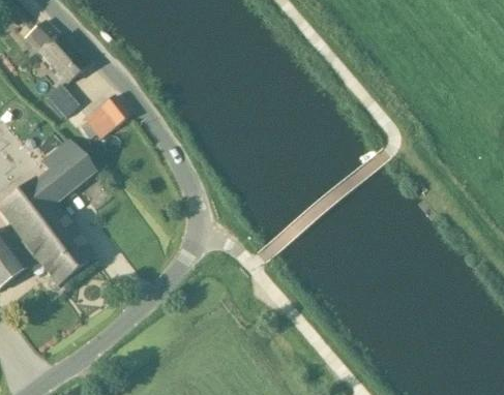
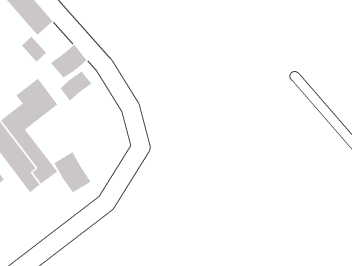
building: none -> [60,70,92,101]
building: none -> [53,151,92,193]

